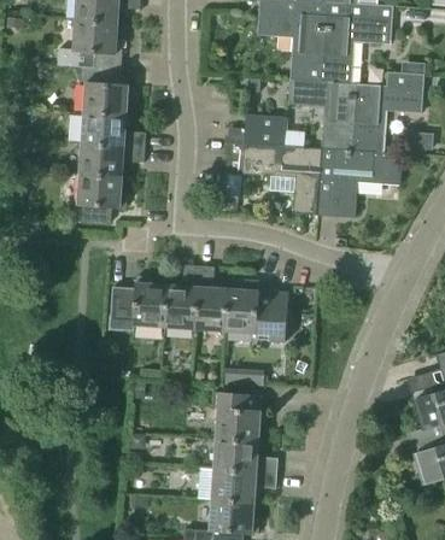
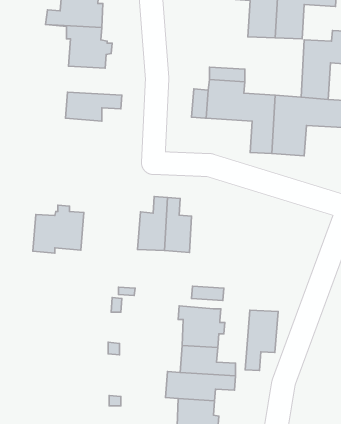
building: [289,80,356,149] -> none
building: [82,113,146,147] -> none
building: [71,174,125,222] -> none
building: [107,274,166,329] -> [33,205,84,253]
building: [223,282,287,340] -> none
building: none -> [245,310,278,370]

